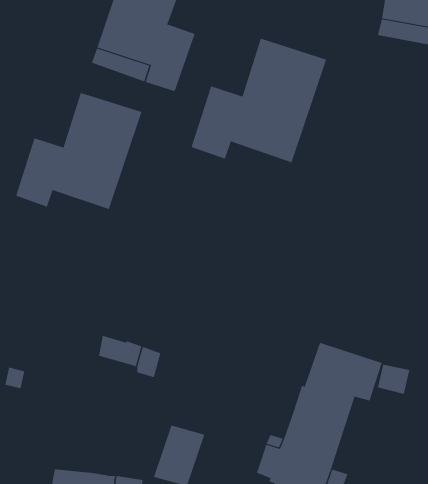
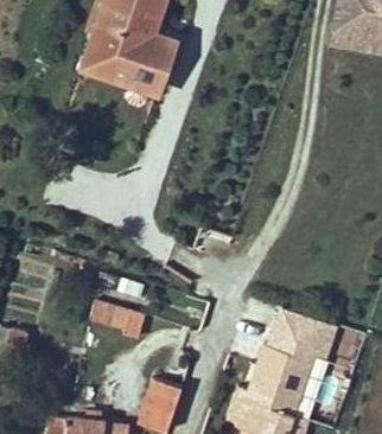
building: [191,38,327,163] -> none
building: [16,92,142,210] -> none

